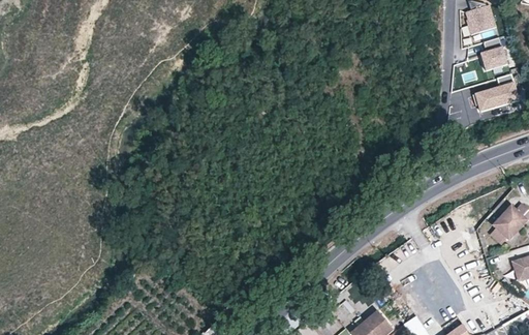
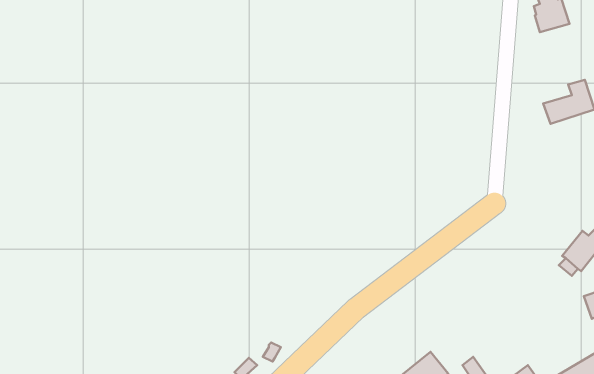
building: [480,36,508,69] -> none

